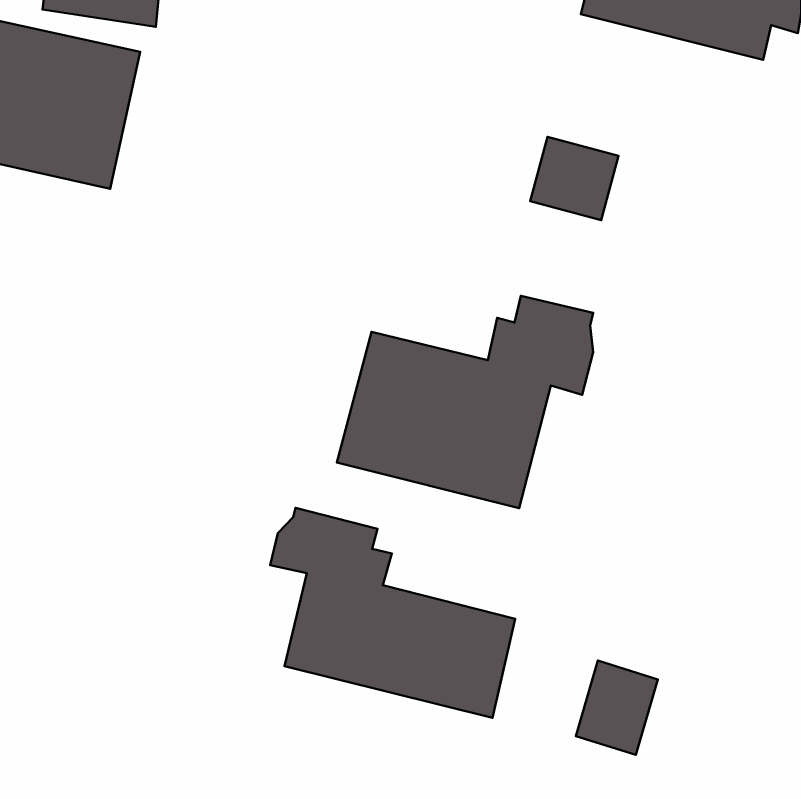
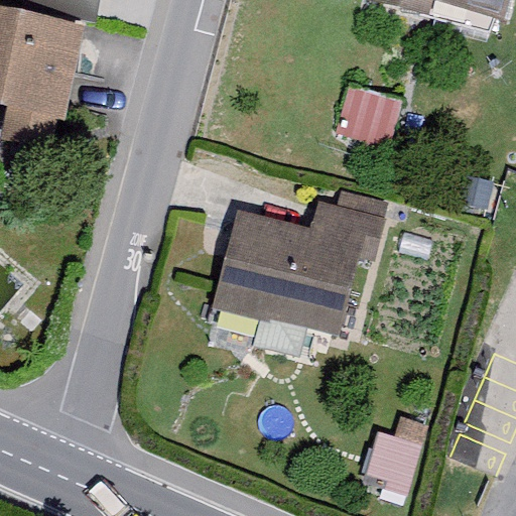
building: [270,508,515,718] -> none

